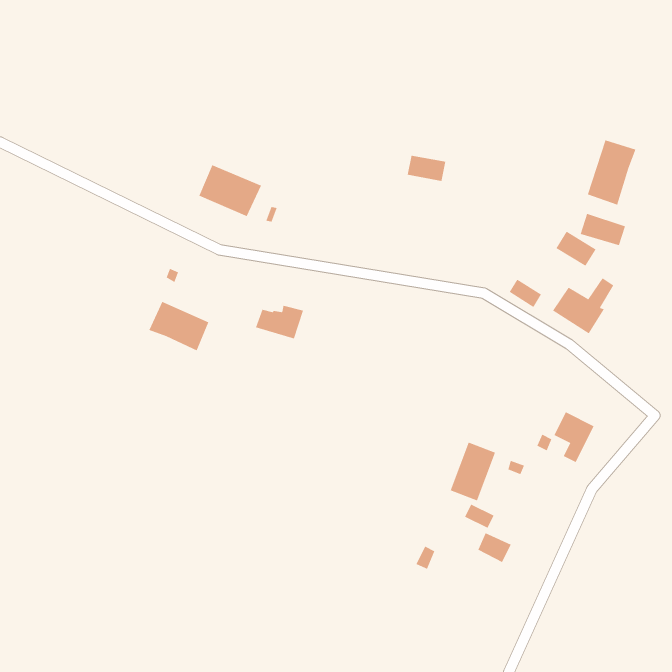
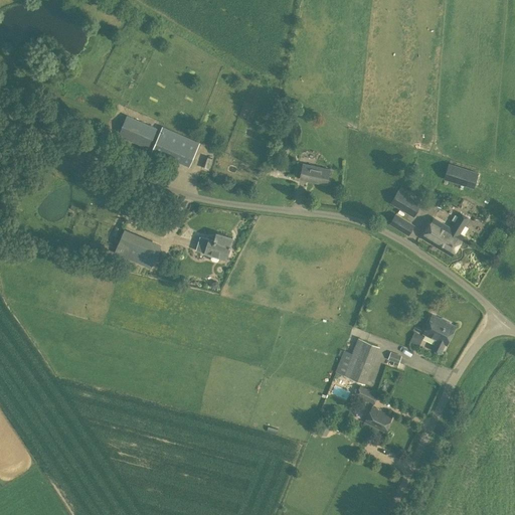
building: [587,139,636,206] -> none
building: none -> [119,116,157,148]
building: [407,155,446,181] -> [300,164,330,184]
building: [556,231,596,266] -> [390,190,421,217]

